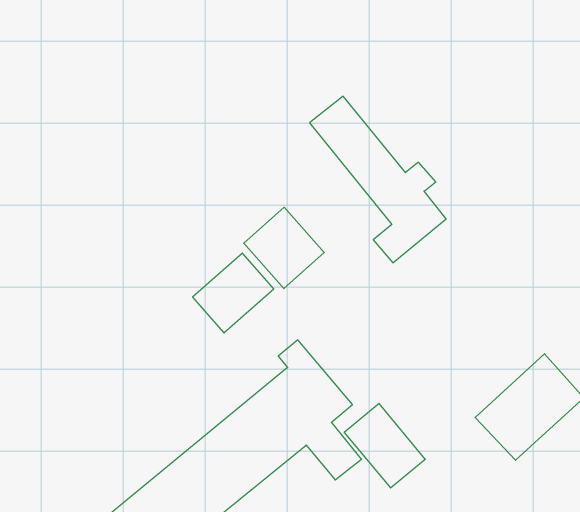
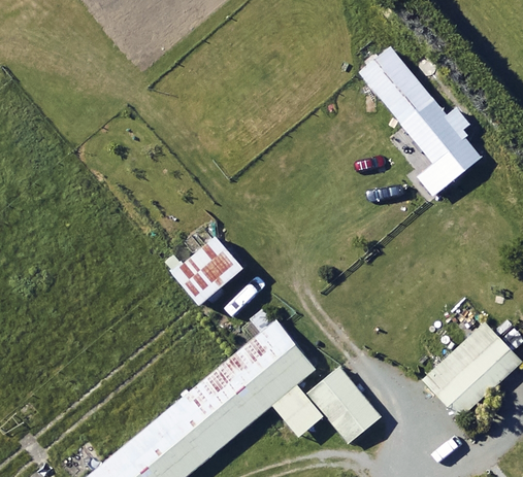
building: [310,96,446,263] -> [360,47,482,196]
building: [244,207,324,289] -> none

